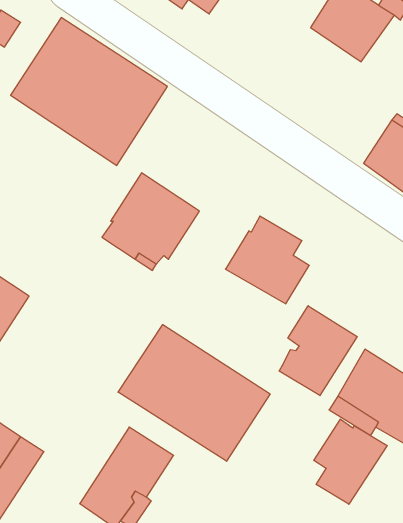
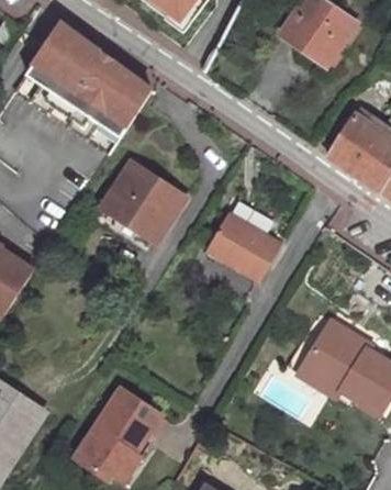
building: [279,306,357,396] -> none
building: [118,325,270,461] -> none
building: [314,419,387,504] -> none

